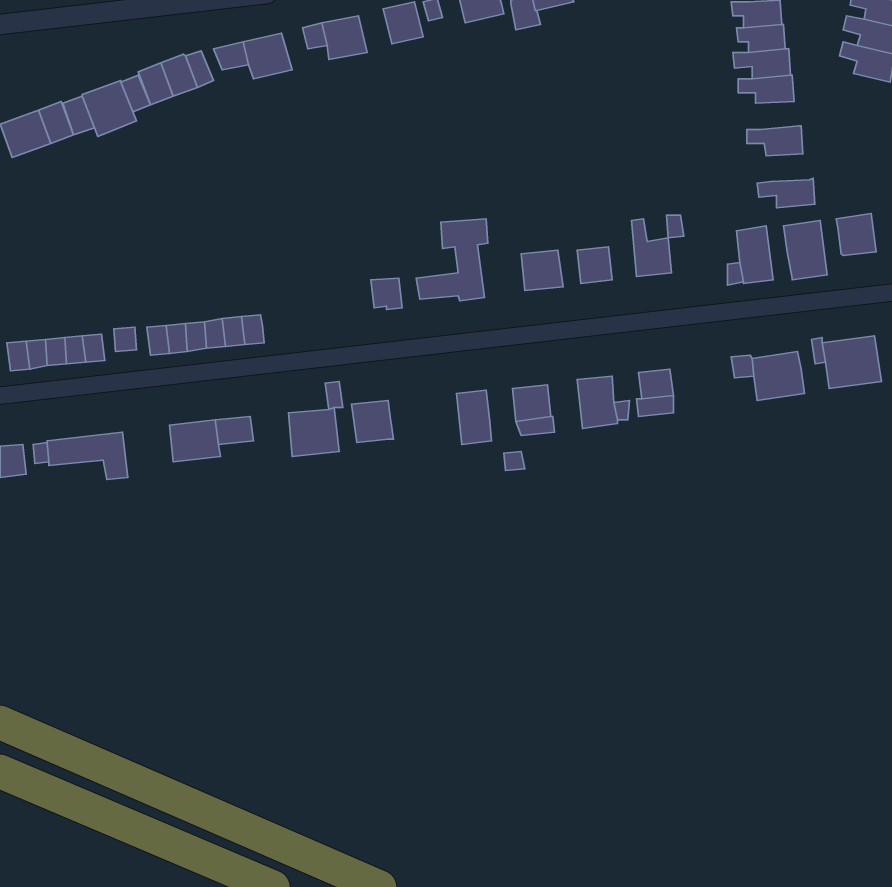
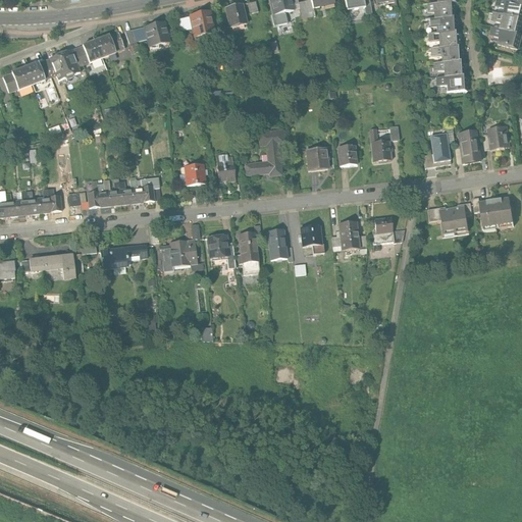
building: [757,178,815,208] -> [433,58,467,75]
building: none -> [184,162,206,185]
building: none -> [238,231,259,263]

